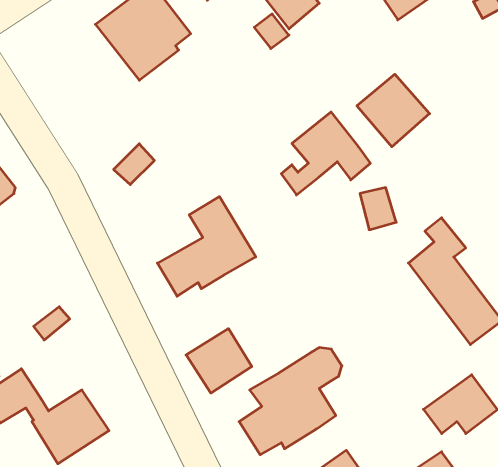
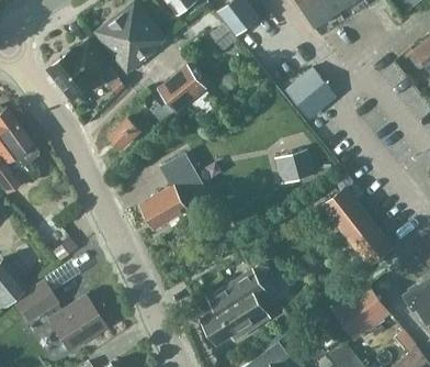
building: none -> [47,41,124,99]
building: [281,112,370,195] -> [150,65,215,125]
building: [186,329,252,393] -> none

